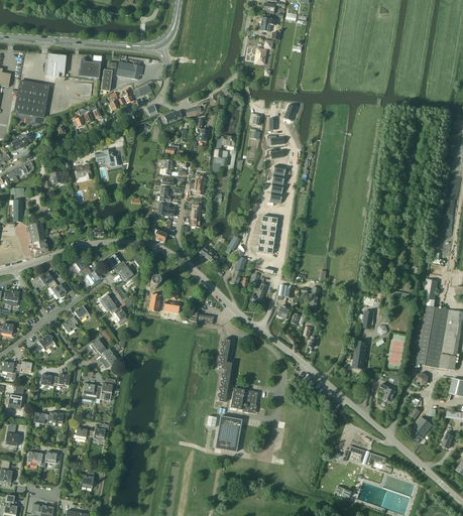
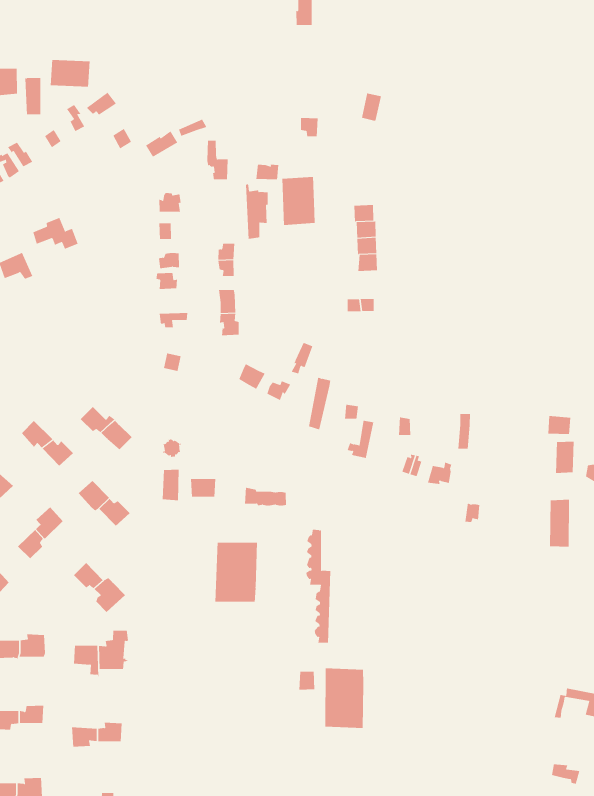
building: none -> [282,176,315,226]
building: none -> [215,542,257,603]
building: [228,387,256,411] -> none

